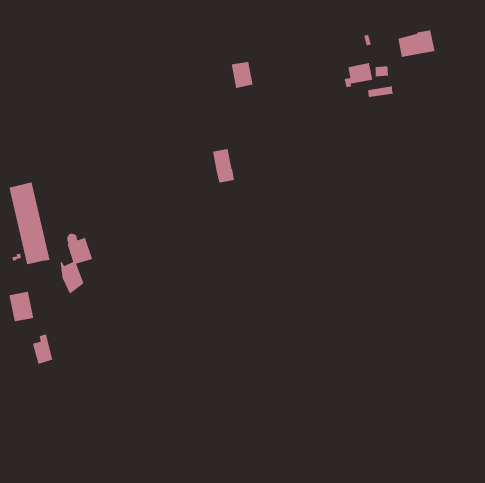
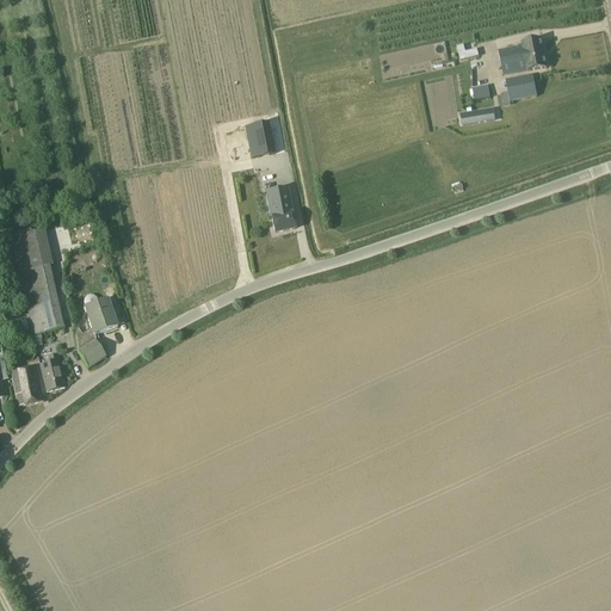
building: [231,61,254,89] -> [246,122,274,156]
building: [344,62,373,88] -> [501,72,538,104]
building: [32,334,53,365] -> [39,352,66,391]

